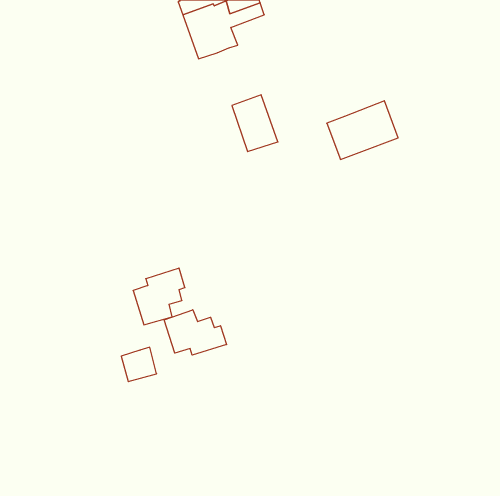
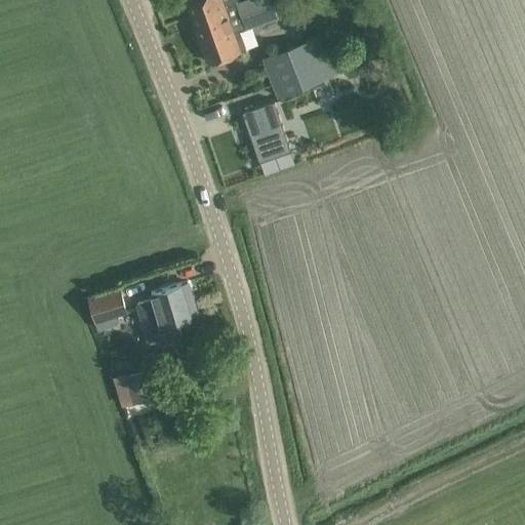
building: [327,101,398,159] -> [264,38,338,99]
building: none -> [86,290,127,324]
building: [164,310,227,355] -> none

